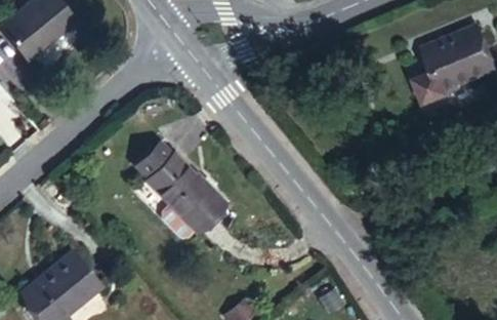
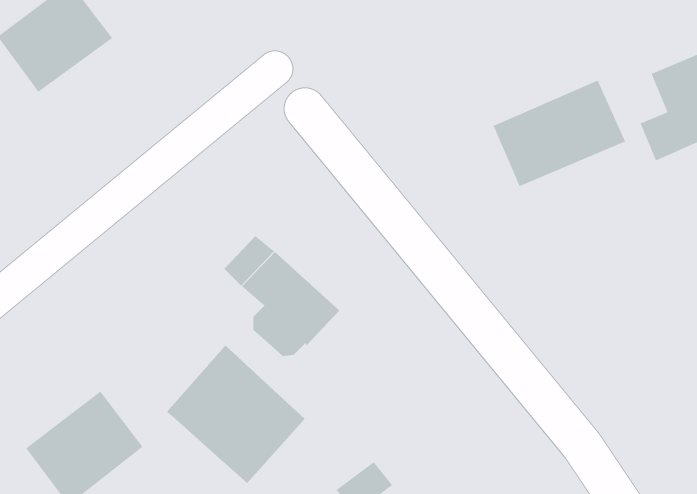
building: none -> [493,80,626,187]
building: none -> [166,344,306,484]

